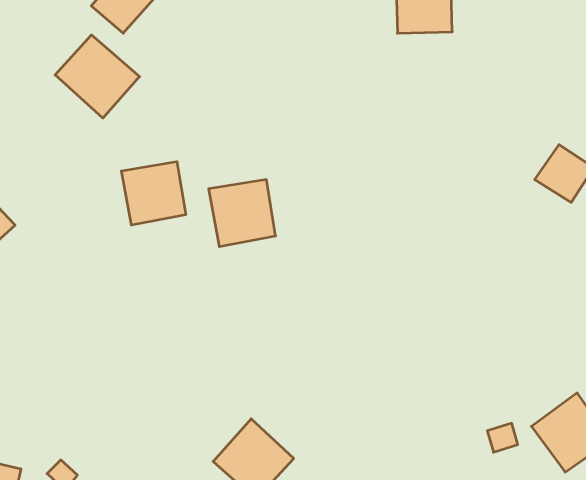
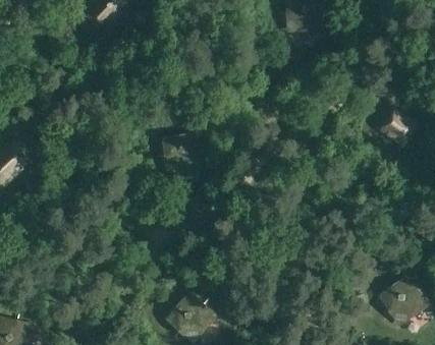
building: [55,35,140,118] -> none
building: [121,162,186,225] -> none

